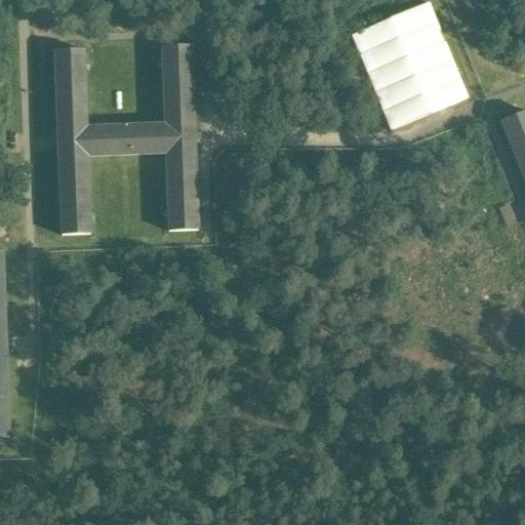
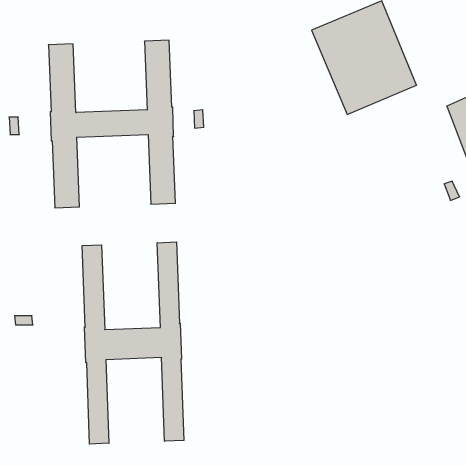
building: none -> [82,242,184,444]

